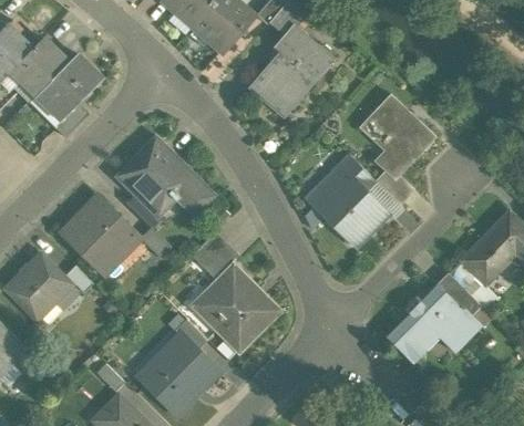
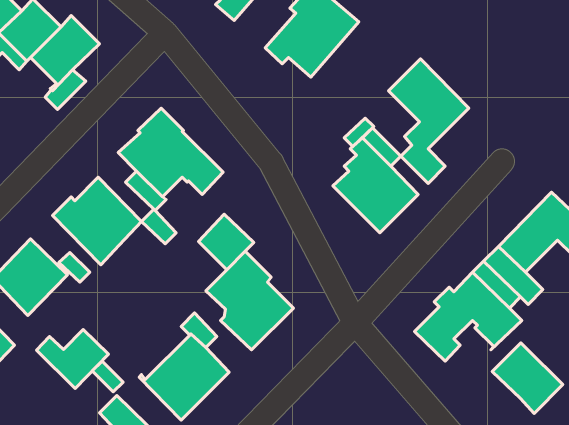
building: none -> [36,329,109,389]
building: none -> [492,343,563,413]

